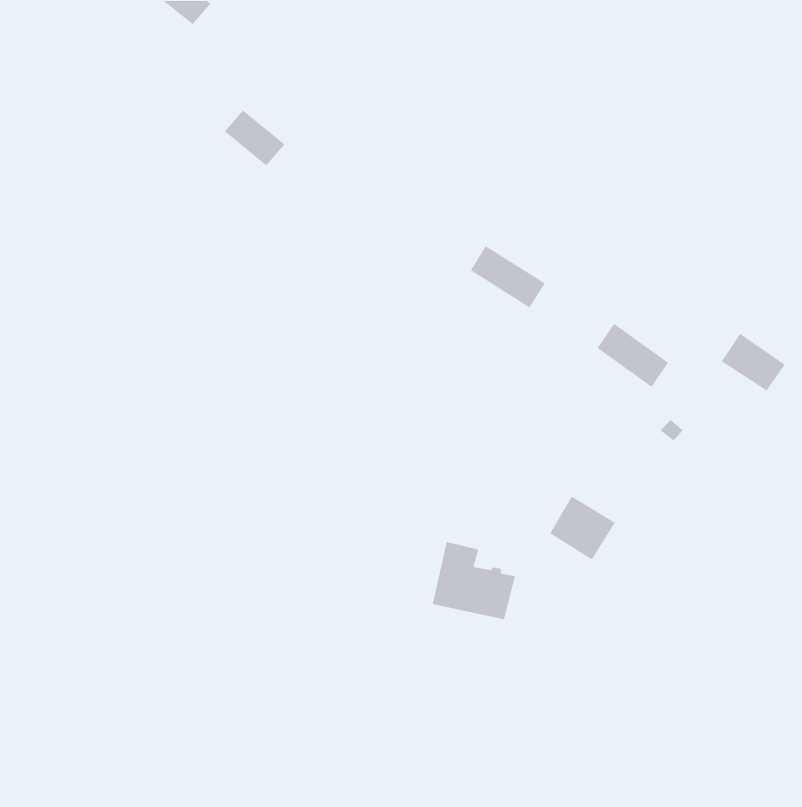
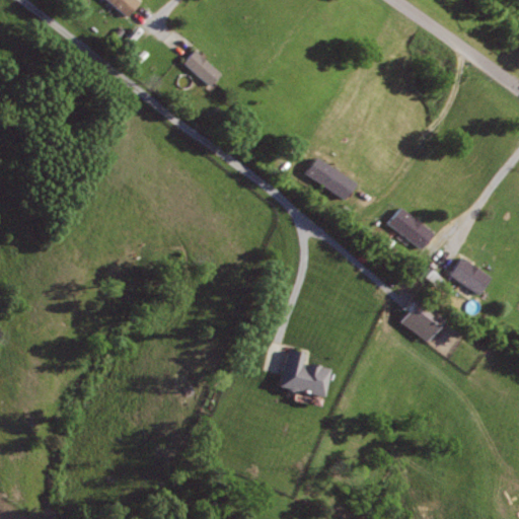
building: [224,109,286,166] -> [183,51,223,87]
building: [721,333,786,392] -> [452,256,494,294]
building: [549,496,616,560] -> [396,300,439,342]

